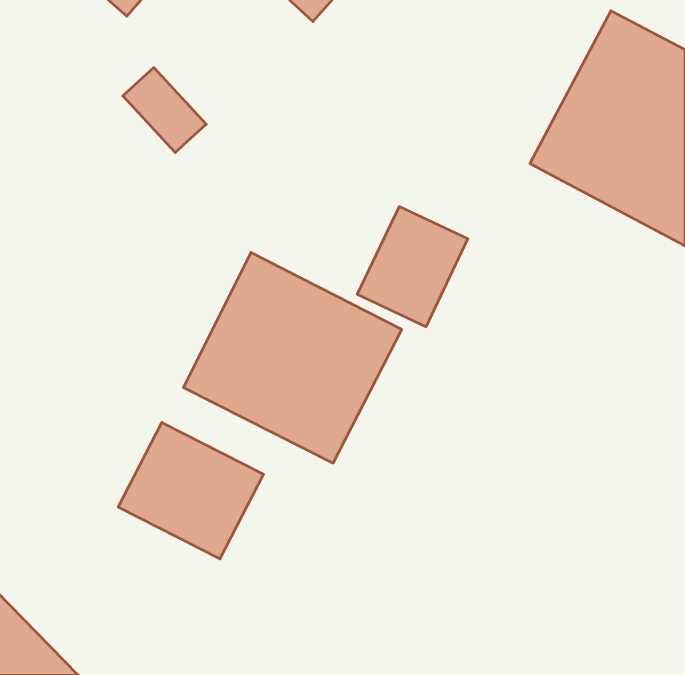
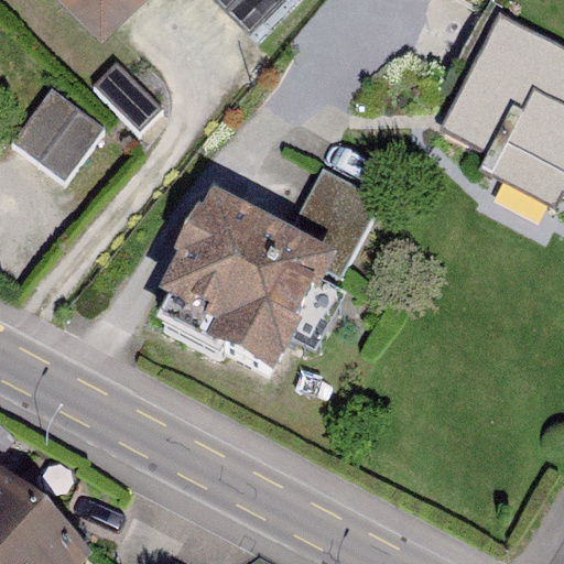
building: none -> [19,89,105,176]
building: [118,422,263,559] -> none

